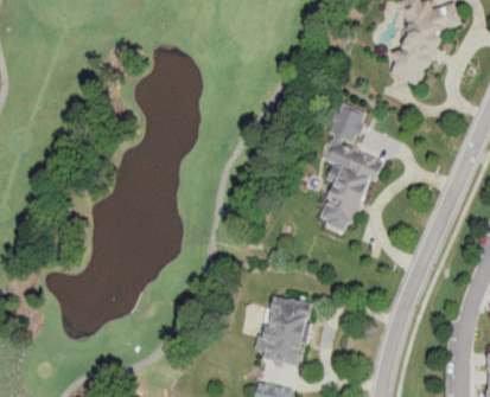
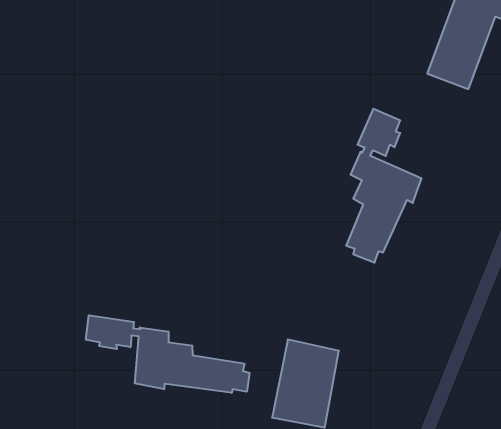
building: none -> [86,315,249,393]

